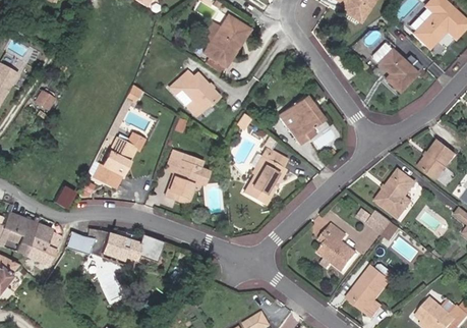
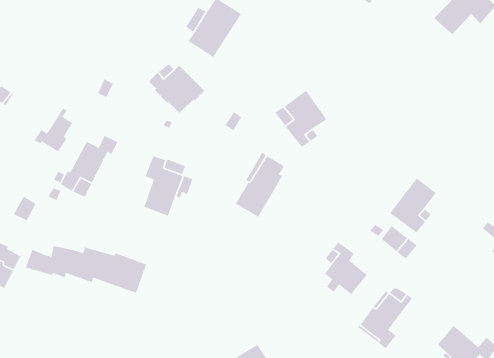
building: [371,42,415,91] -> none
building: none -> [34,107,73,152]
building: [419,140,457,179] -> none

